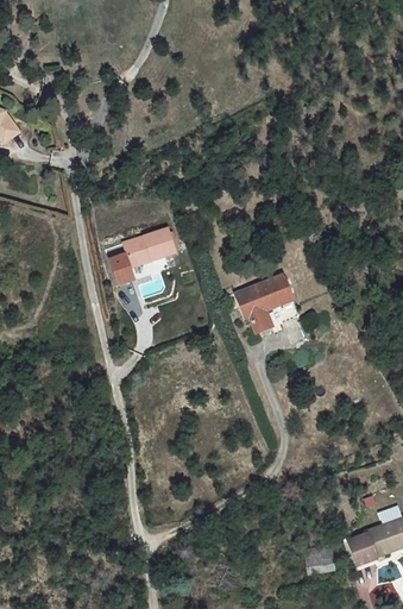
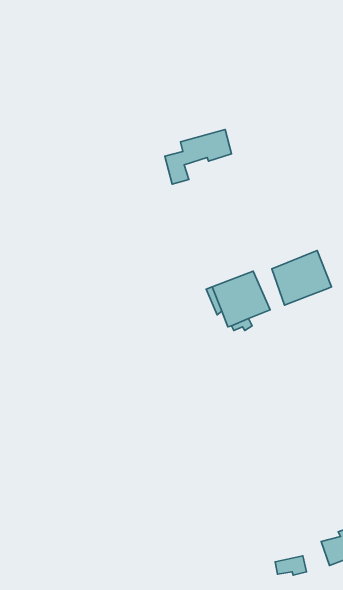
building: [107,226,172,280] -> [165,130,231,184]
building: none -> [272,250,332,305]

